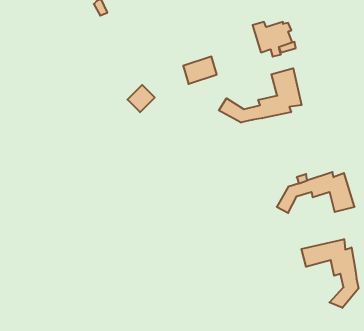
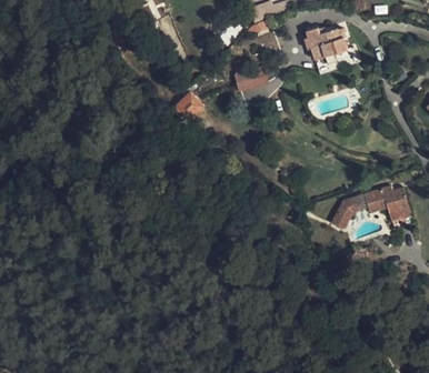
building: [219,68,302,123] -> none
building: [301,239,358,308] -> none

